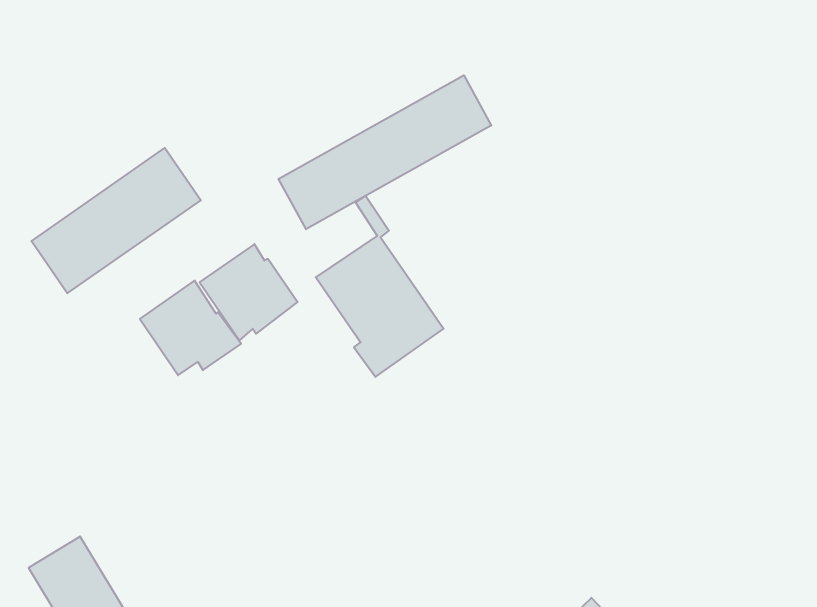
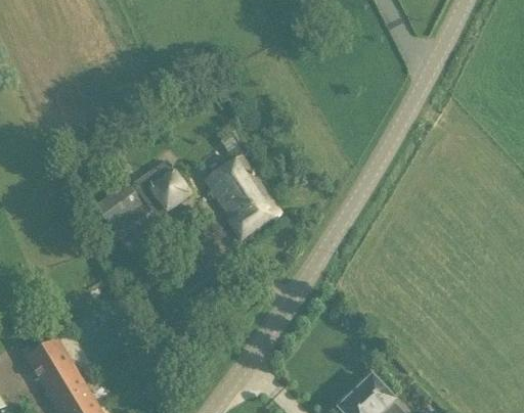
building: [278,75,491,229] -> none
building: [31,148,201,293] -> none

